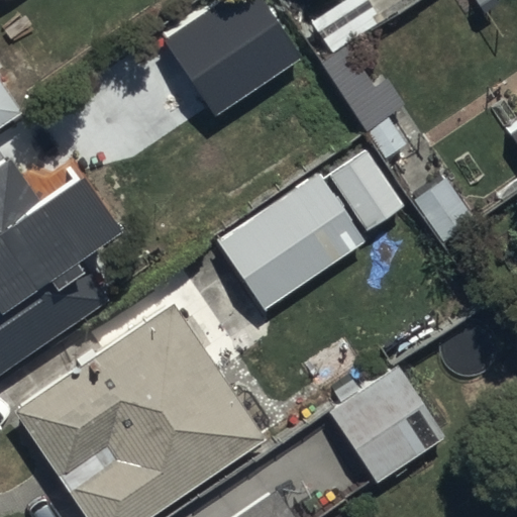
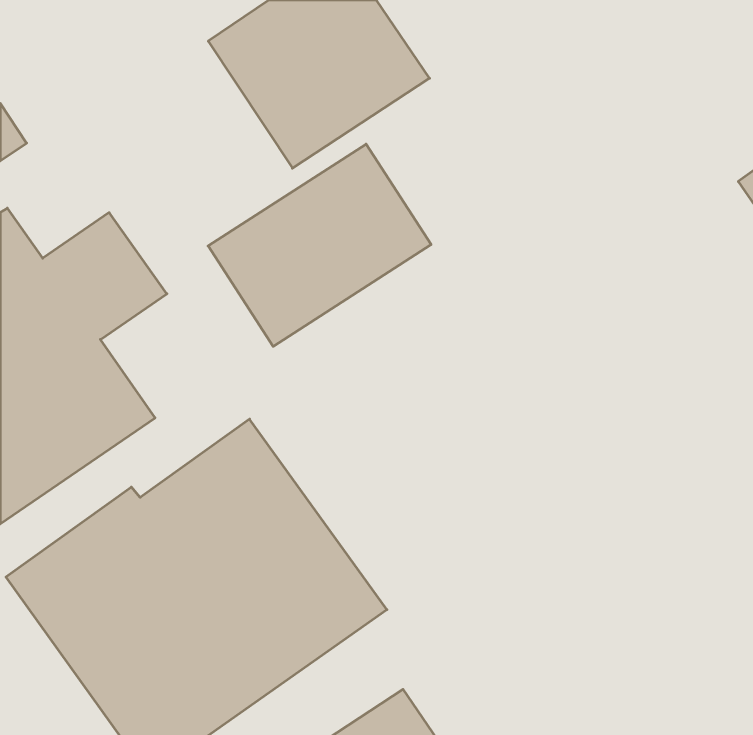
building: [215,176,368,314] -> [208,144,431,346]
building: [328,369,447,487] -> none

